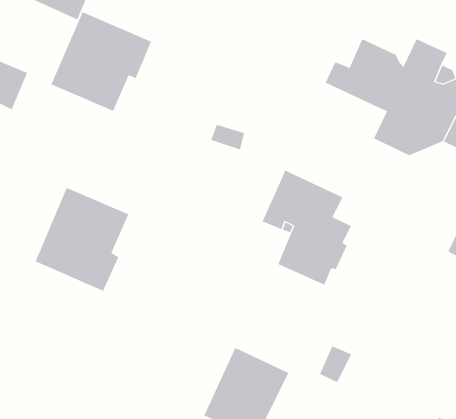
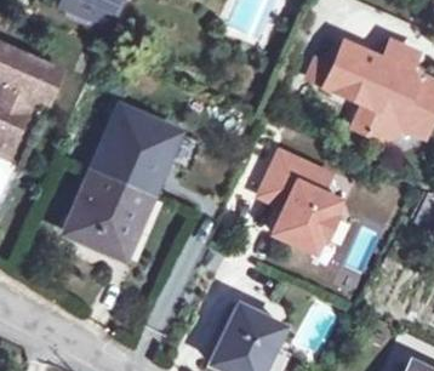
building: [51,12,152,112] -> [93,105,179,190]

